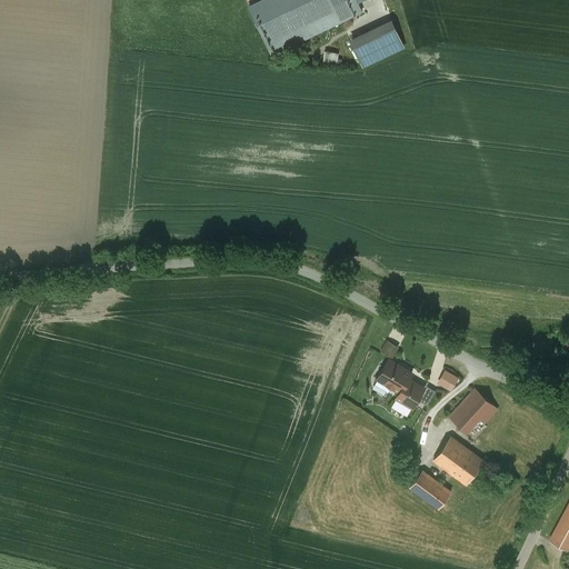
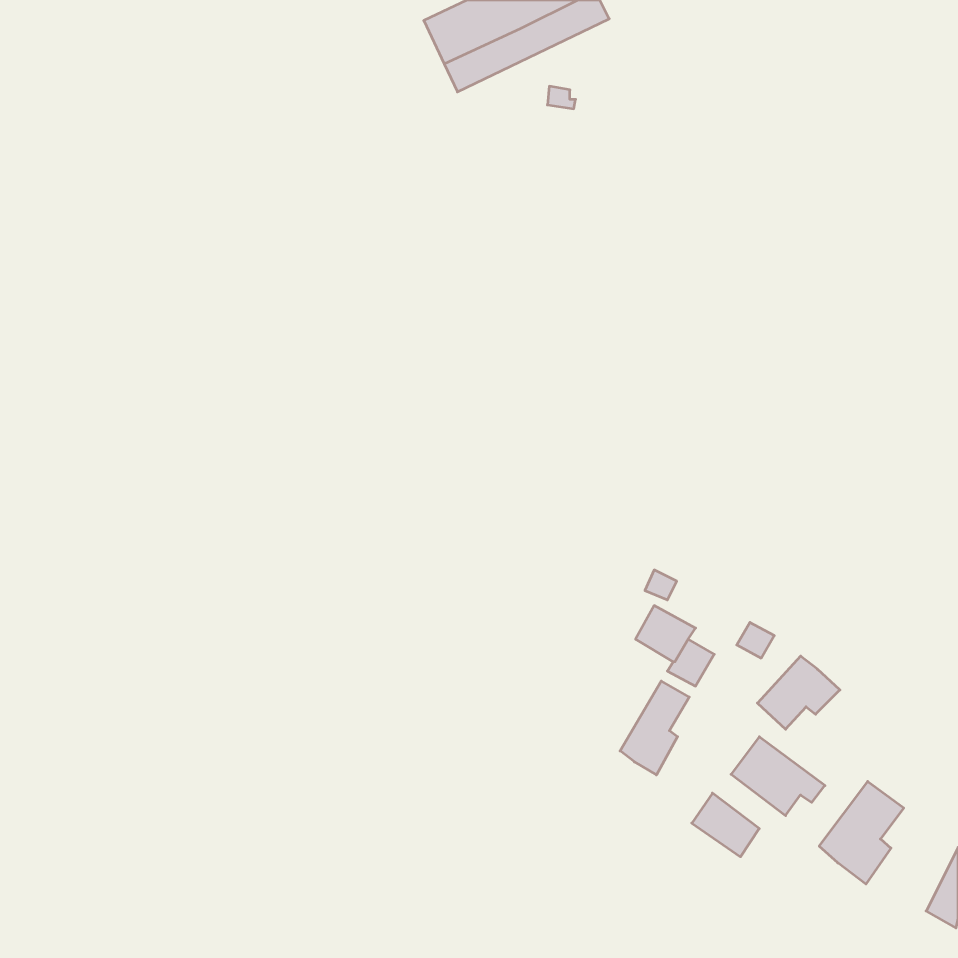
building: [351,22,403,66] -> none
building: none -> [620,681,689,775]
building: none -> [819,781,904,884]

